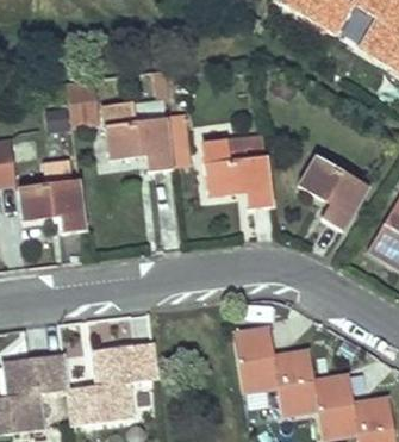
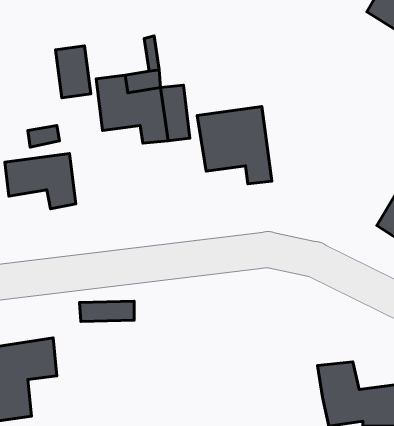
building: [300,156,368,231] -> none
building: [232,329,318,413] -> none
building: [68,343,156,424] -> none

